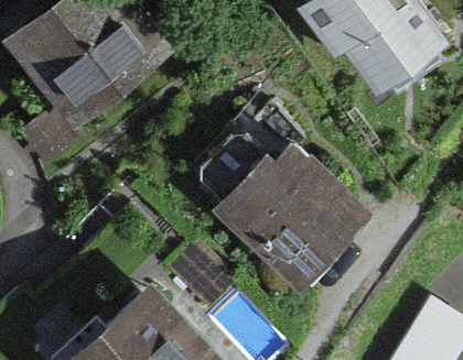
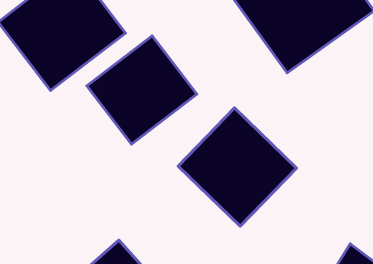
building: none -> [87,36,197,144]

